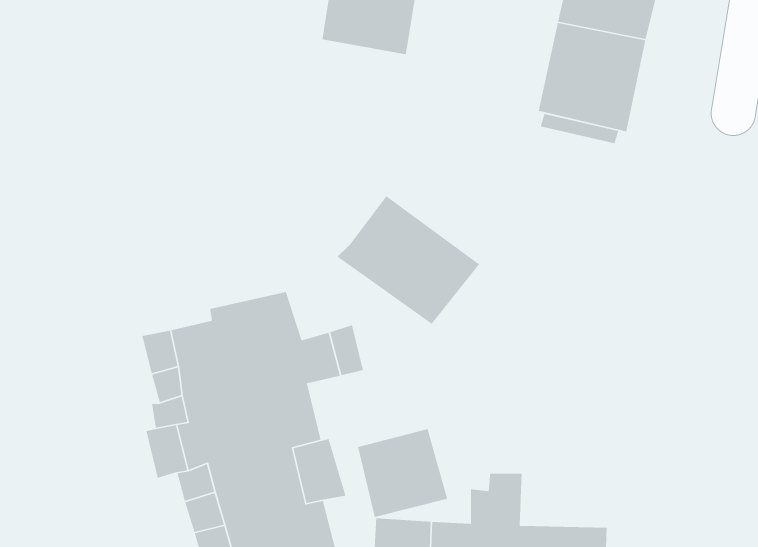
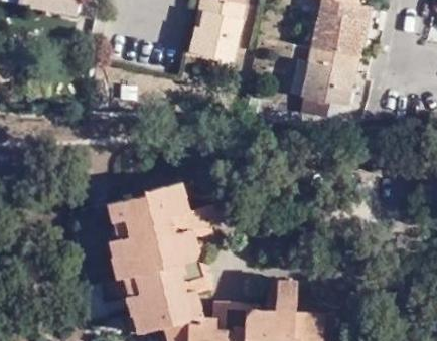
building: [336,195,480,325] -> none
building: [357,428,448,518] -> none

